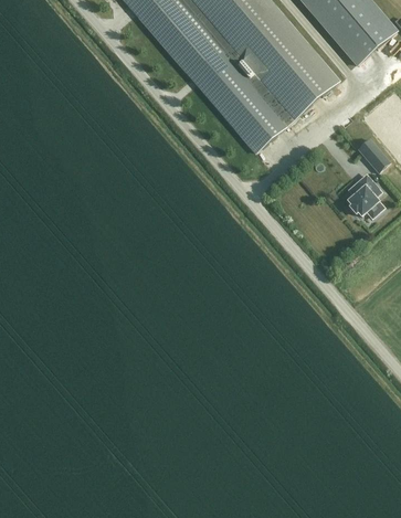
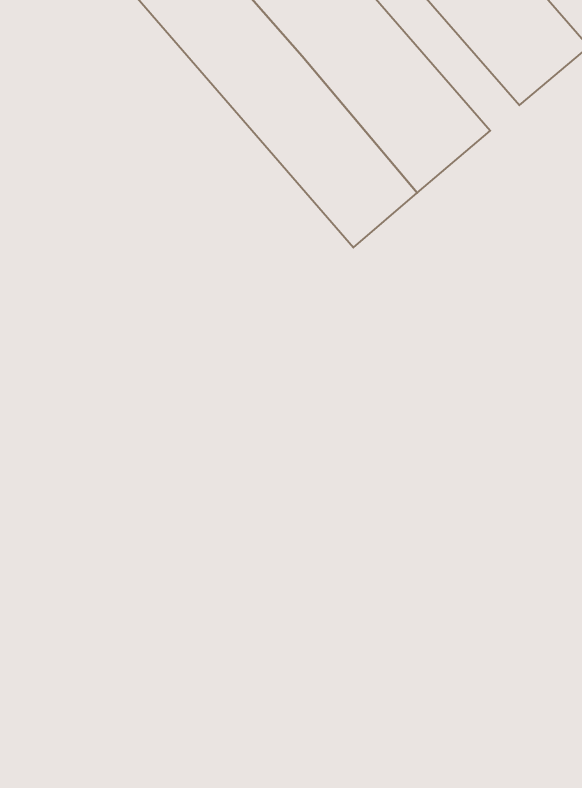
building: [357,138,389,171] -> none
building: [348,175,380,216] -> none

